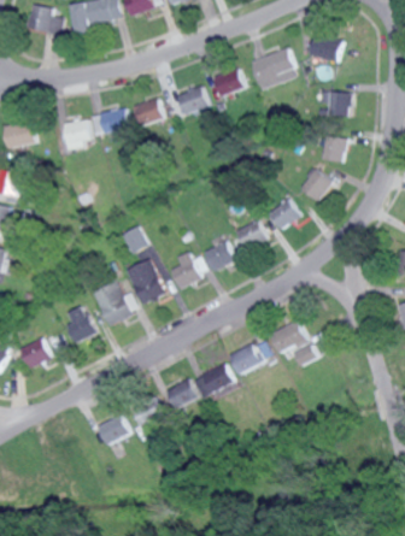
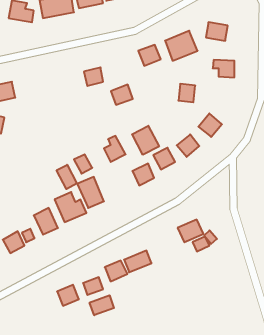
building: [177,87,209,116] -> [111,85,133,105]
building: [93,110,130,137] -> none
building: [65,122,89,152] -> none
building: [323,135,347,161] -> [178,84,195,102]
building: none -> [132,126,159,155]
building: none -> [57,165,77,189]
building: [171,252,202,289] -> [104,136,126,162]
building: [230,340,272,373] -> none
building: none -> [90,295,114,315]

